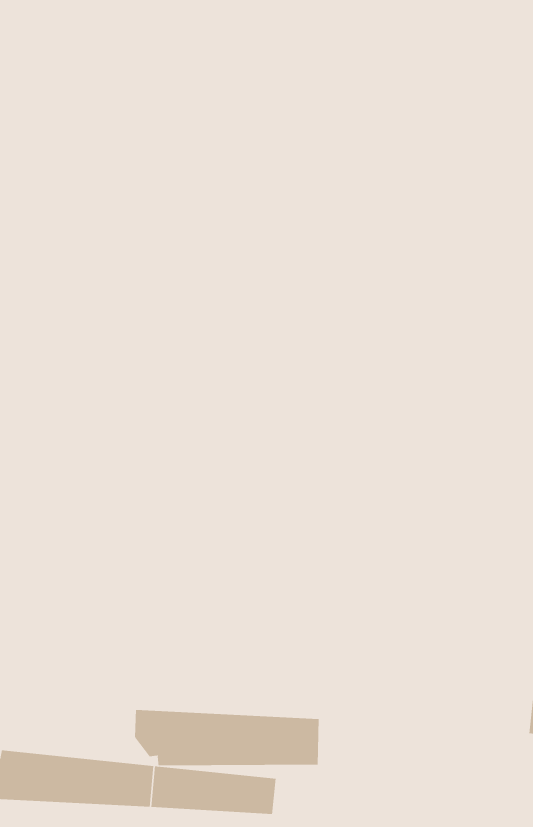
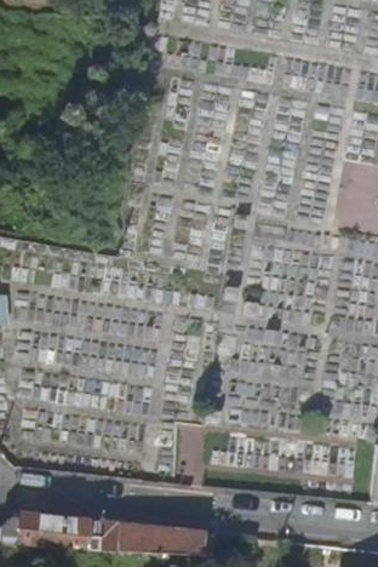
building: [135,709,319,766] -> none

